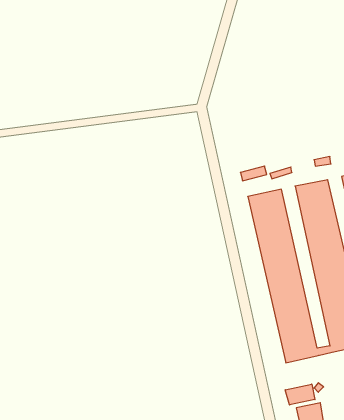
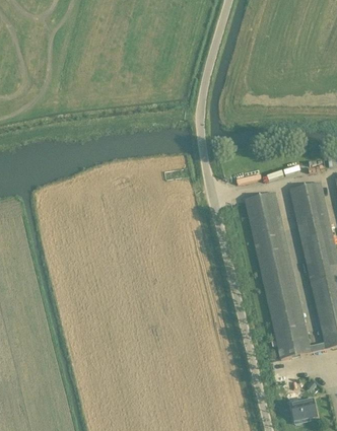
building: [285,384,315,405] -> none

